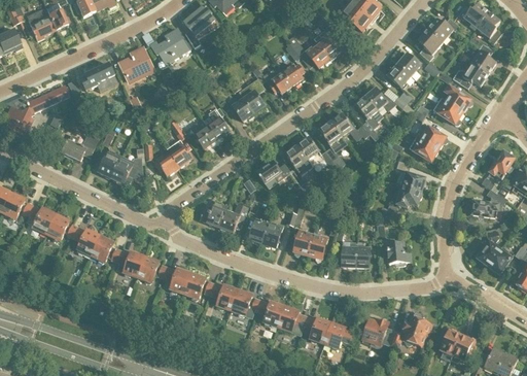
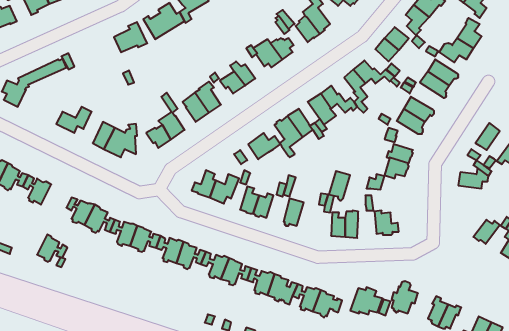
building: [80,63,114,88] -> none
building: [46,213,77,241] -> [37,234,67,262]
building: [475,228,500,267] -> none
building: [307,232,328,262] -> [329,171,350,200]

